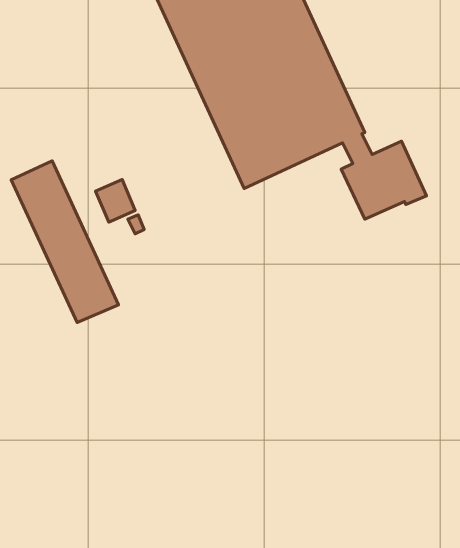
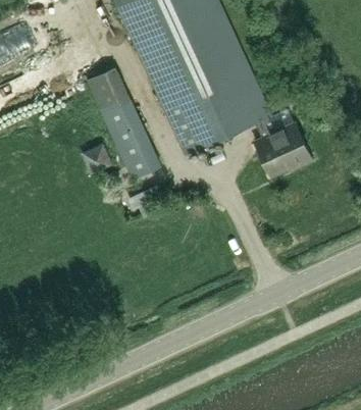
building: [11,161,118,322] -> [87,68,161,181]

